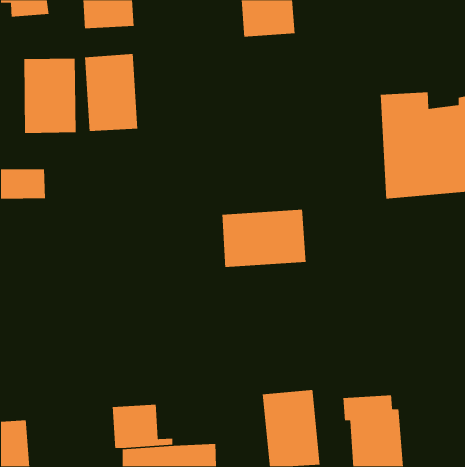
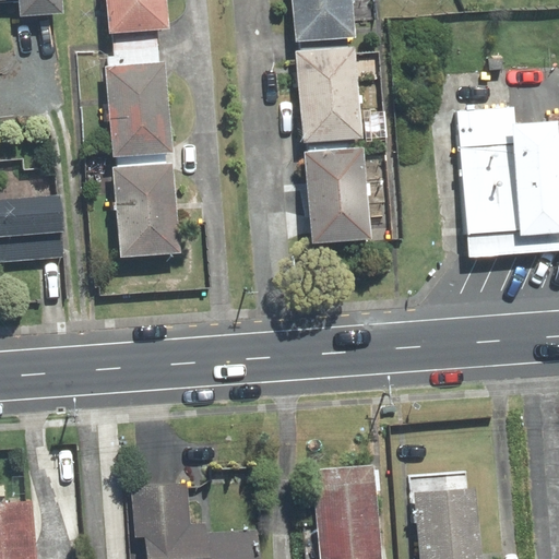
building: none -> [294,47,369,247]
building: [23,58,76,134] -> [112,169,176,260]
building: [222,209,307,268] -> none

